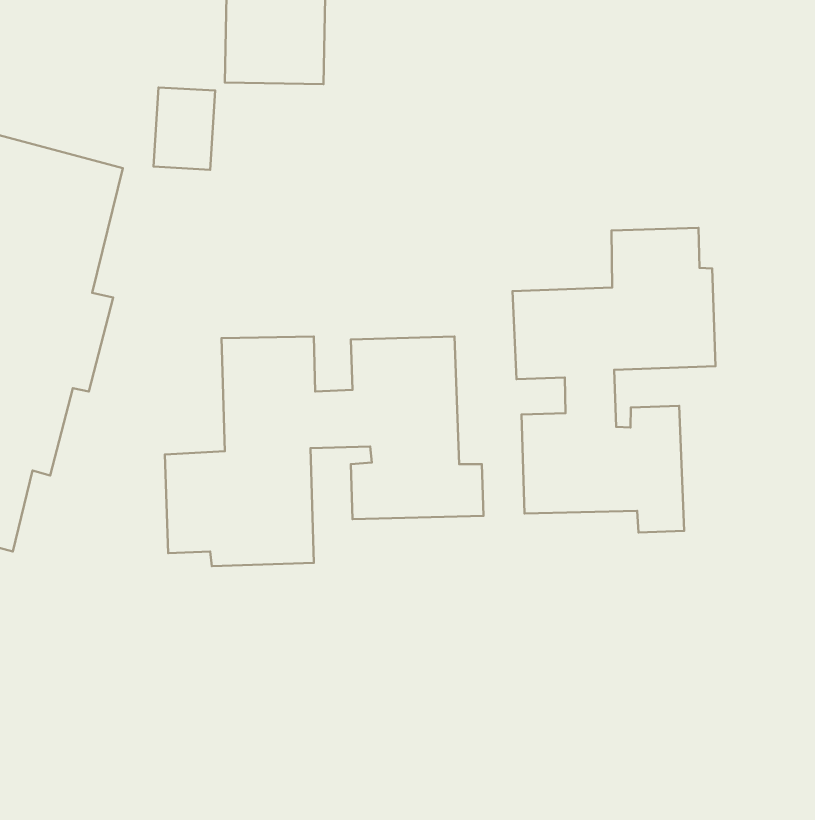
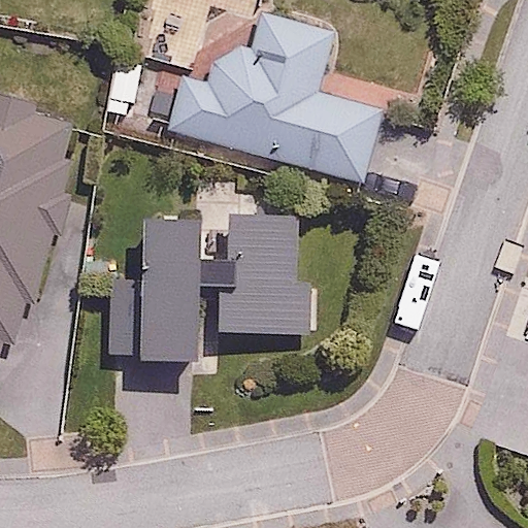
building: none -> [178,10,380,183]
building: [512,228,715,532] -> none

